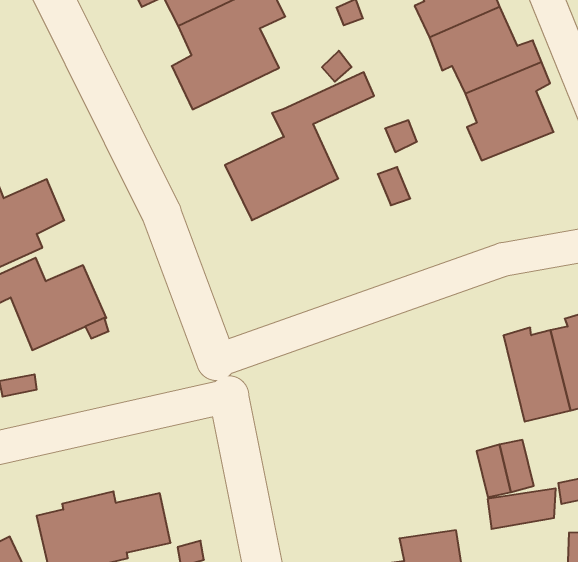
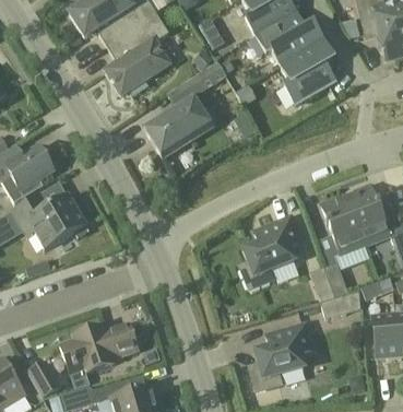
building: none -> [241,215,303,286]

